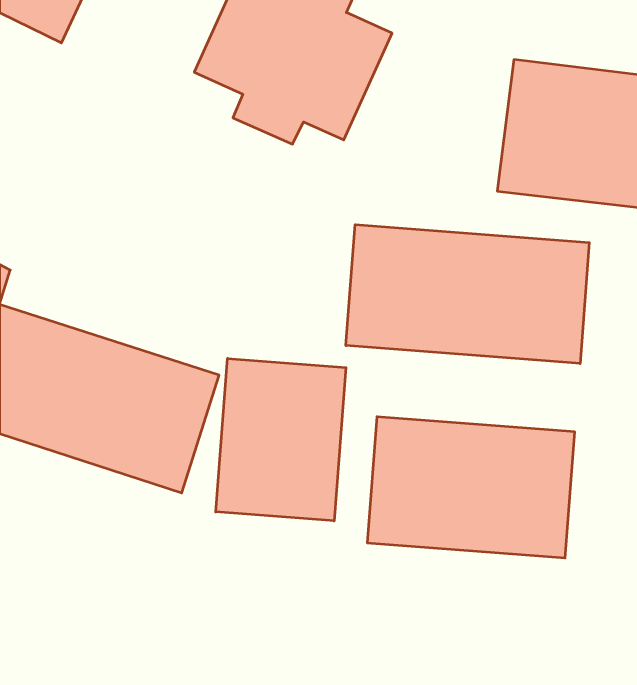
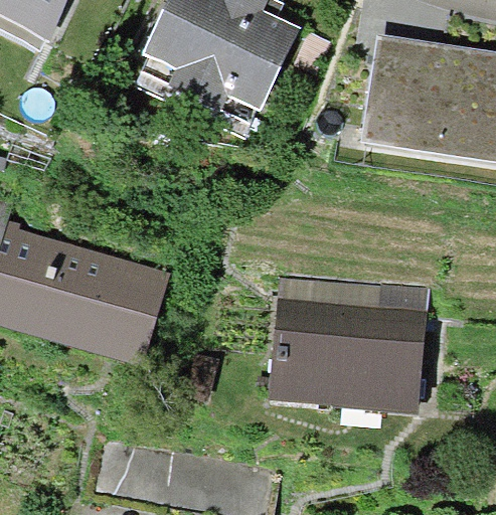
building: [346,225,589,364] -> none
building: [216,358,346,521] -> none

